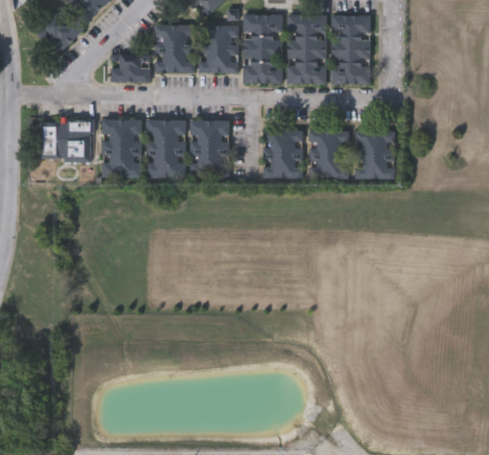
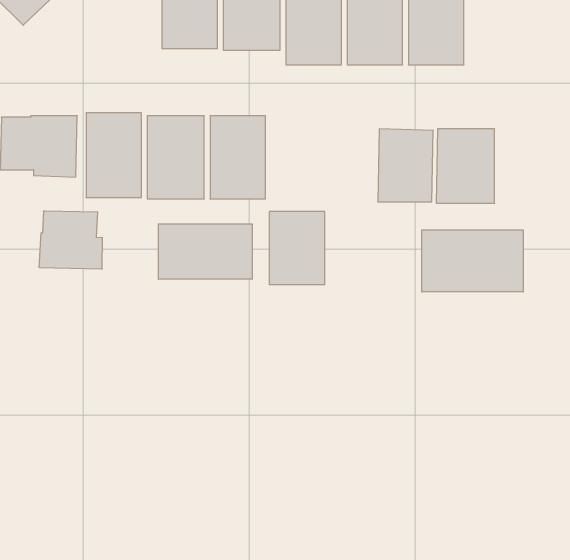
building: [112,54,150,81] -> none
building: [263,128,303,180] -> [269,212,325,285]
building: none -> [39,211,102,269]
building: none -> [158,224,252,279]
building: none -> [422,230,523,292]

